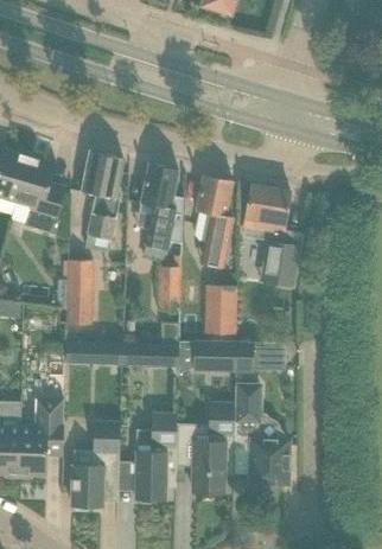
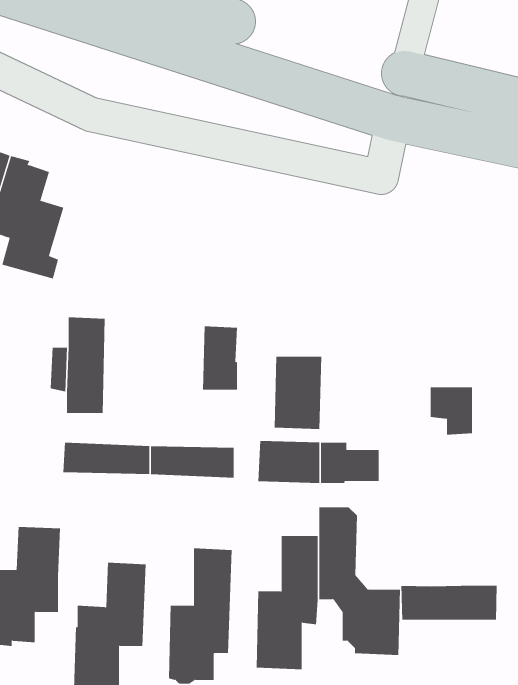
building: [81,149,122,251] -> none
building: [140,162,178,261] -> none
building: [196,173,233,262] -> none
building: [243,184,289,237] -> none
building: [266,251,294,283] -> [430,387,473,435]
building: none -> [401,585,497,621]

